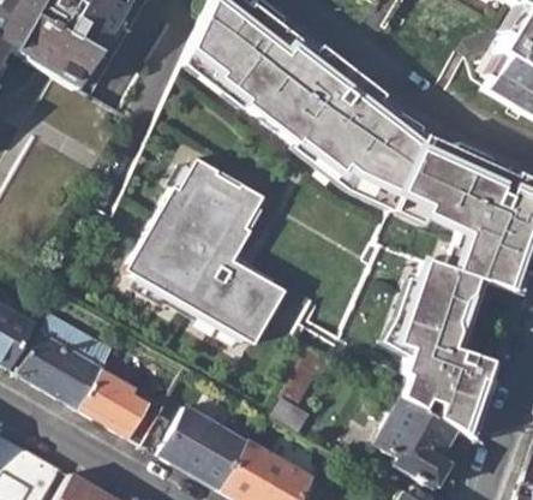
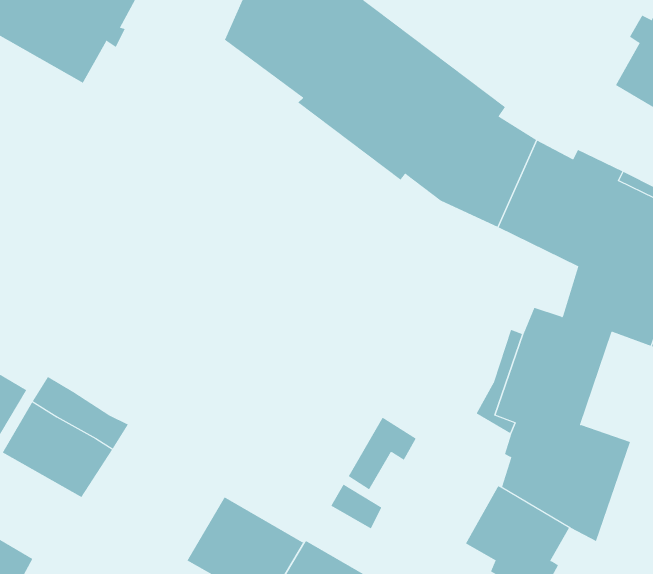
building: [126,160,285,344] -> none
building: [78,371,164,447] -> none

